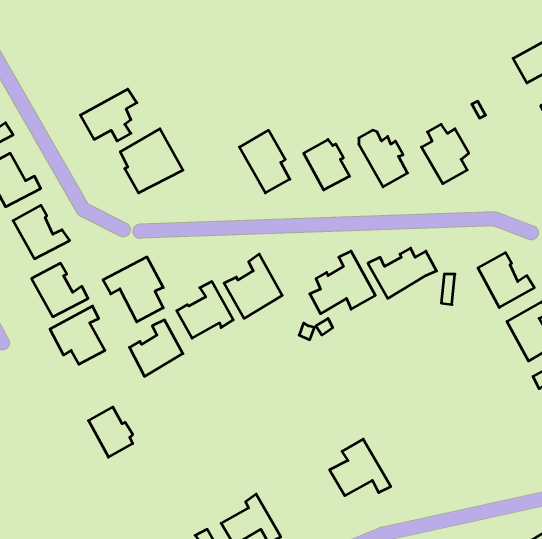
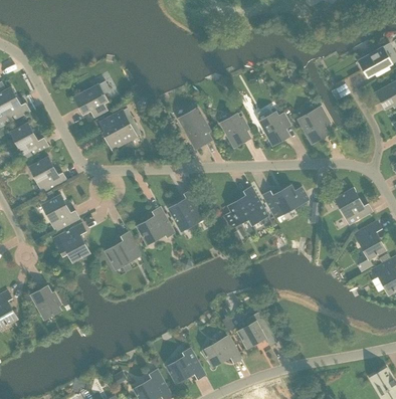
building: [103,257,163,322] -> none
building: [88,407,133,457] -> [31,285,60,319]
building: none -> [202,336,241,367]

